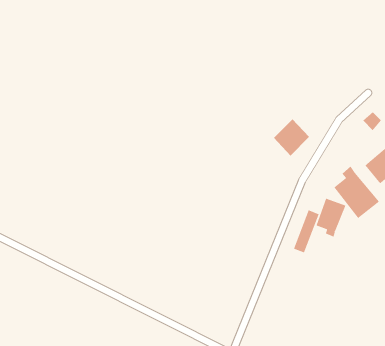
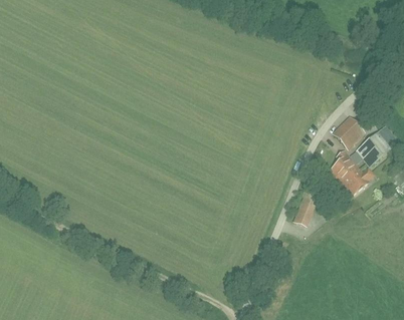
building: [273,118,310,156] -> [333,115,365,148]
building: [316,198,346,238] -> none

